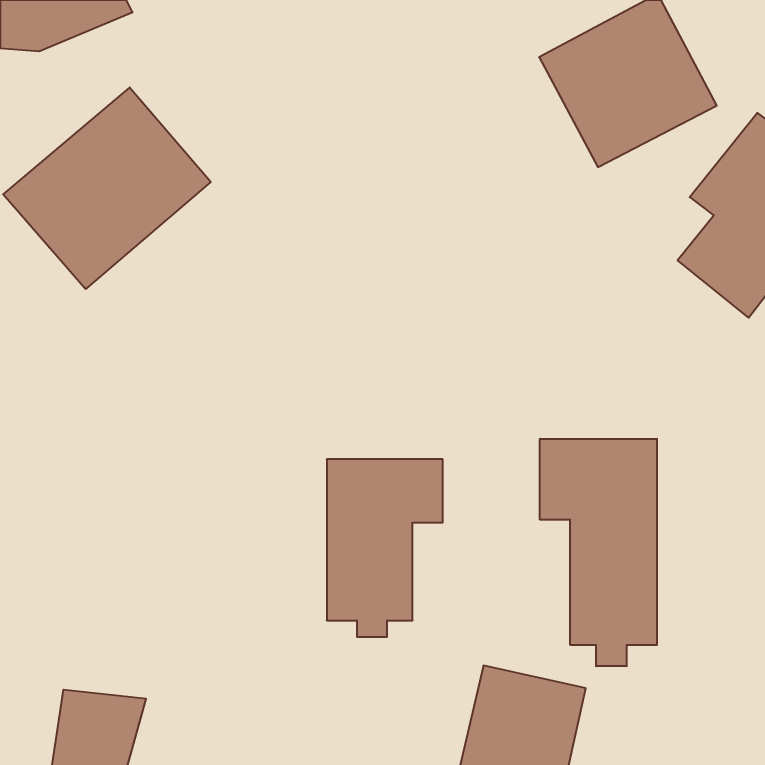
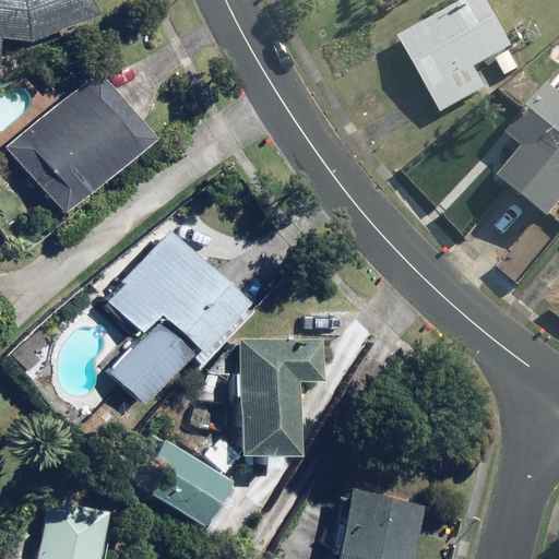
building: none -> [104,228,252,353]
building: none -> [110,321,193,405]
building: [540,439,657,666] -> none
building: none -> [124,430,235,527]

